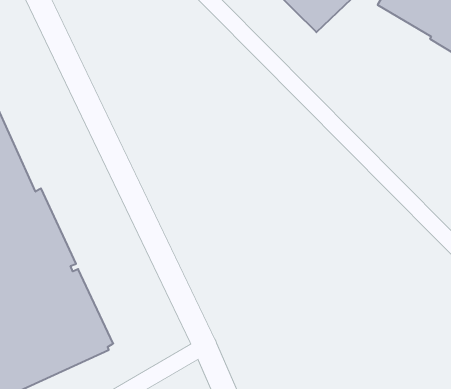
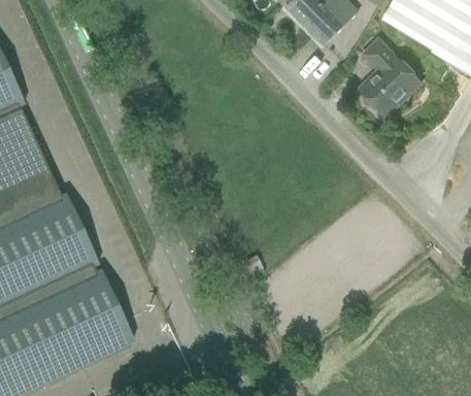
building: none -> [357,39,422,118]

